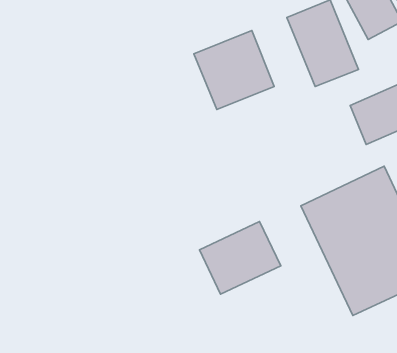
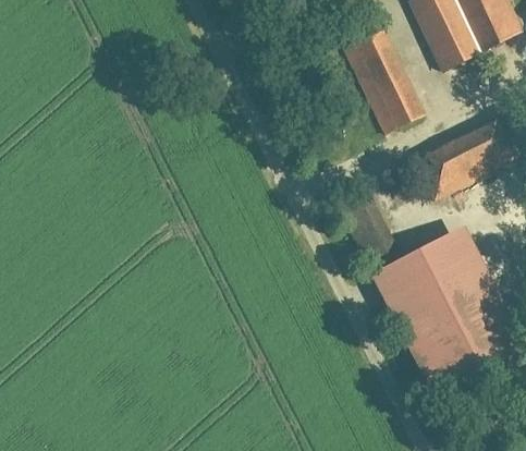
building: [194,30,274,109] -> none
building: [199,221,281,294] -> none

